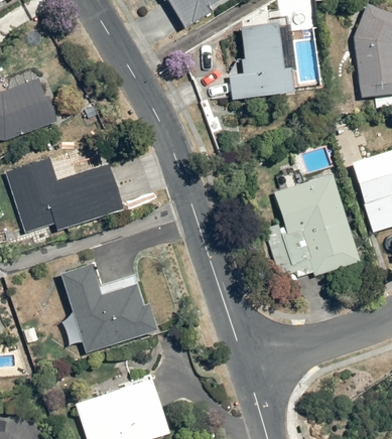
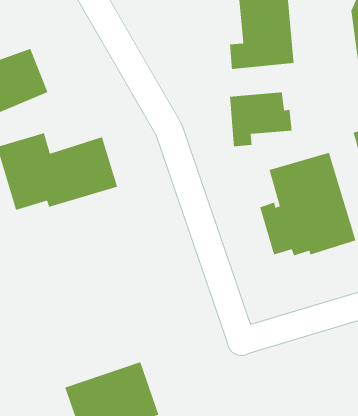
building: none -> [229,92,292,147]
building: [57,265,153,354] -> none

